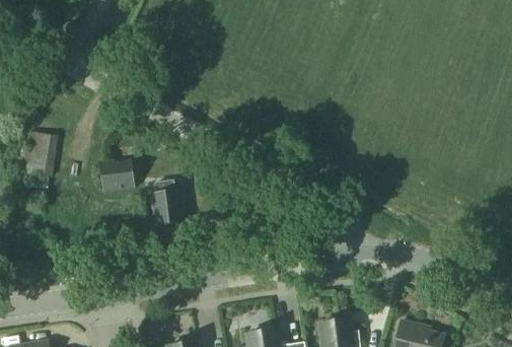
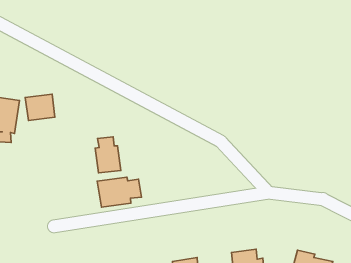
building: [98,158,135,191] -> [25,94,55,121]
building: none -> [97,177,141,207]

